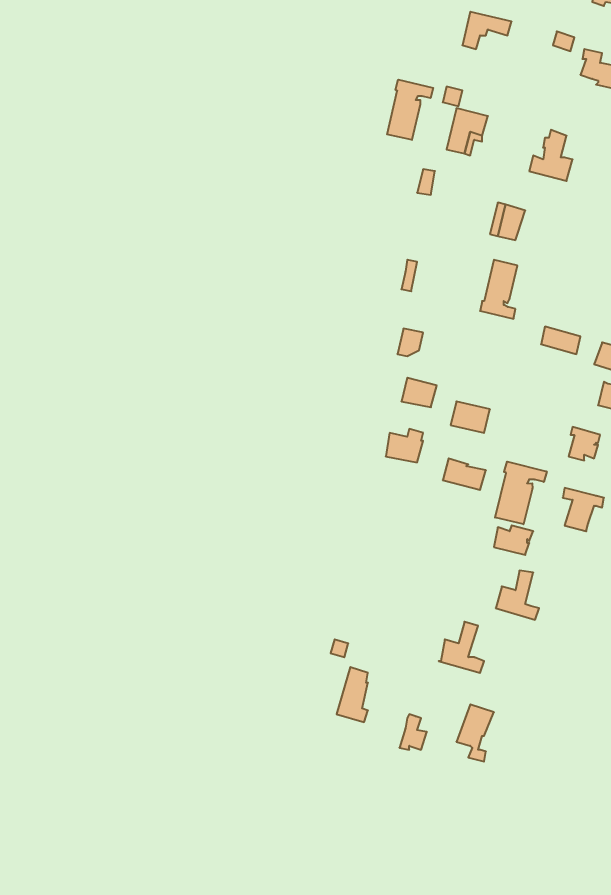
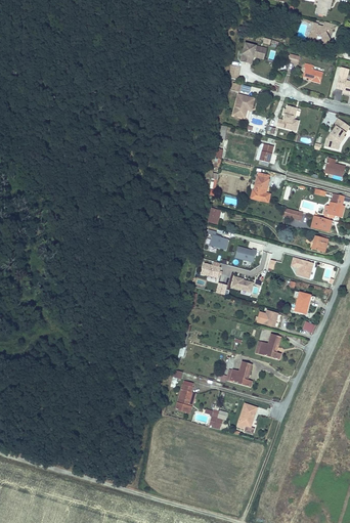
building: [387,80,433,140] -> none
building: [495,462,547,524] -> none

